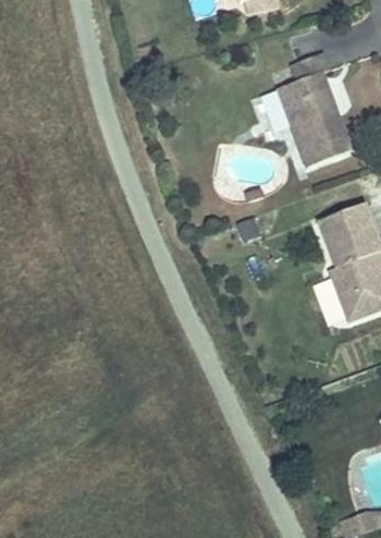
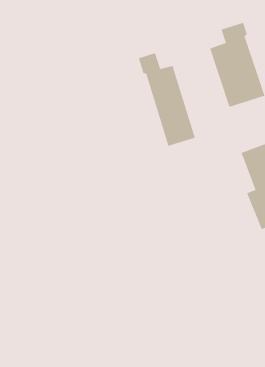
building: none -> [138,52,196,147]

